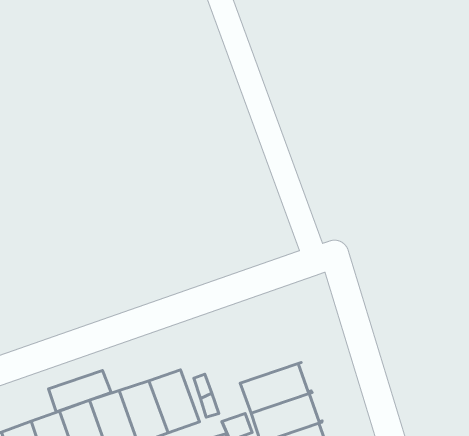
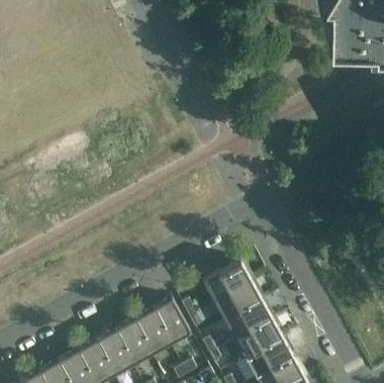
building: none -> [203,261,254,301]
building: [48,370,111,412] -> none

